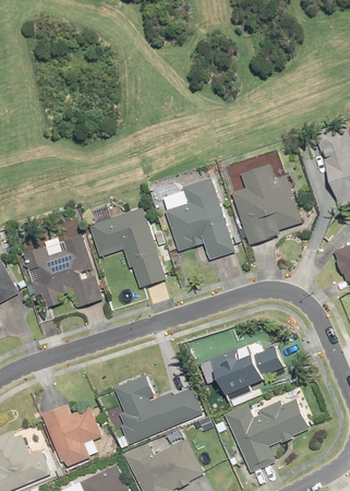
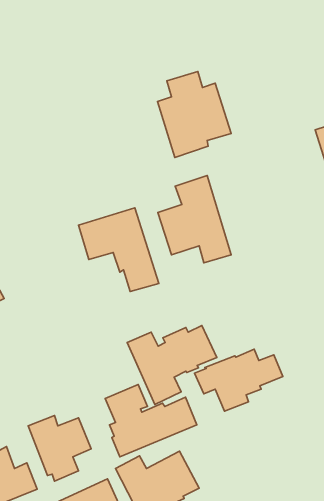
building: [232,164,302,246] -> [158,72,231,158]
building: [23,236,101,308] -> none
building: [224,398,309,474] -> [127,325,217,405]

